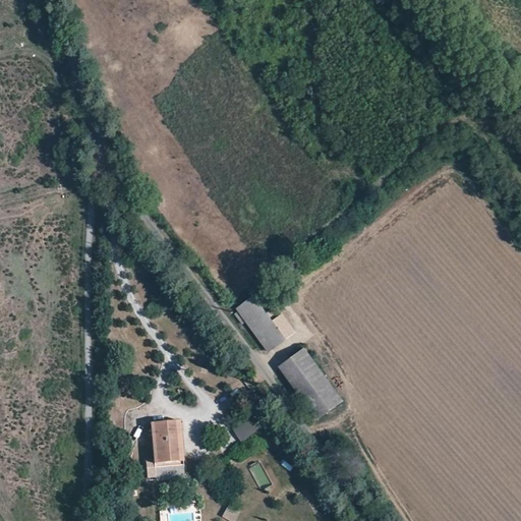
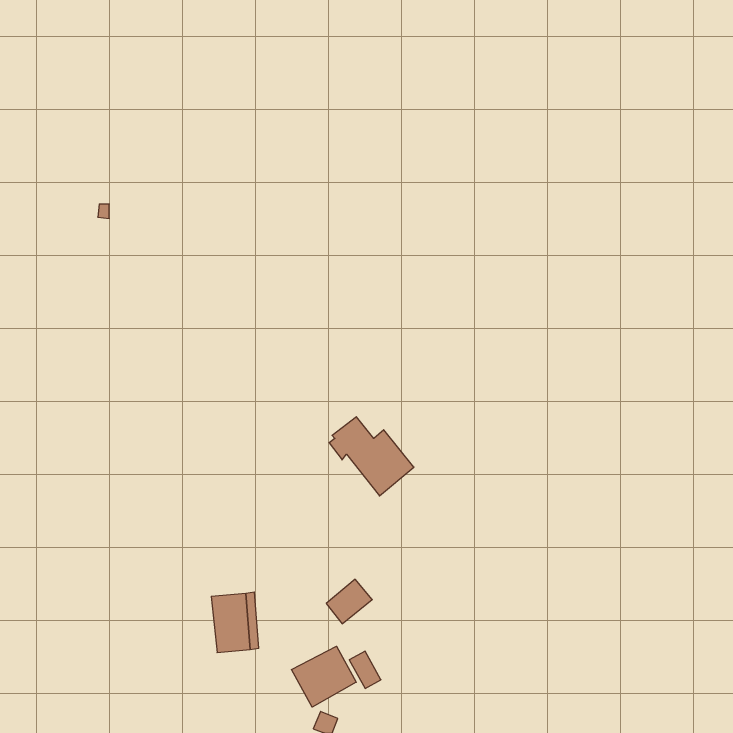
building: [278,350,341,417] -> none
building: none -> [291,646,356,707]

